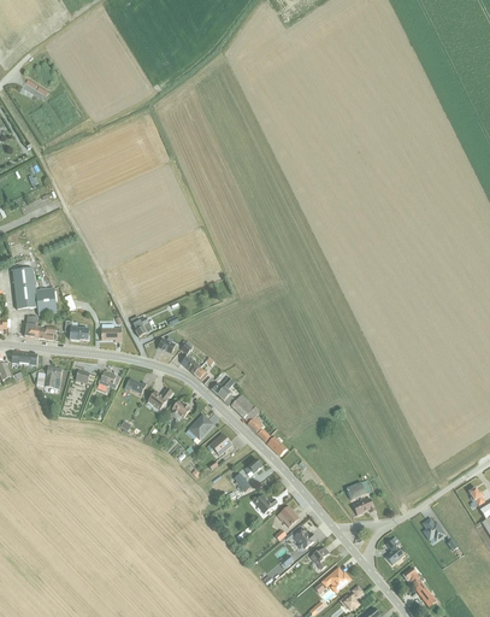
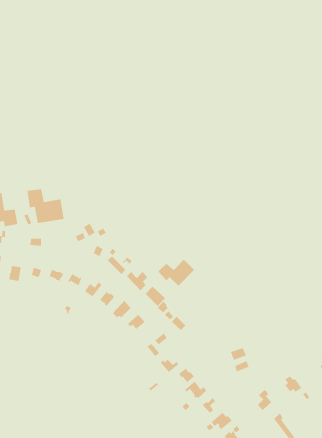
building: none -> [27,188,64,224]
building: none -> [157,259,195,286]

